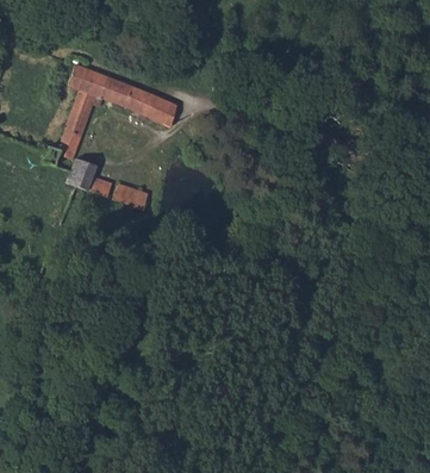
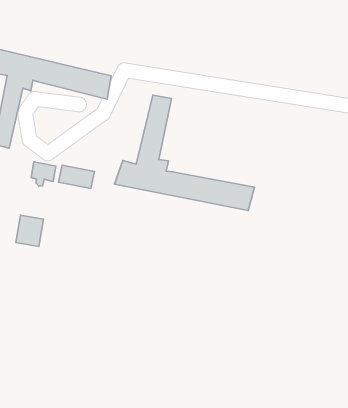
building: none -> [115,95,254,210]
building: [67,157,96,189] -> [16,215,44,246]

